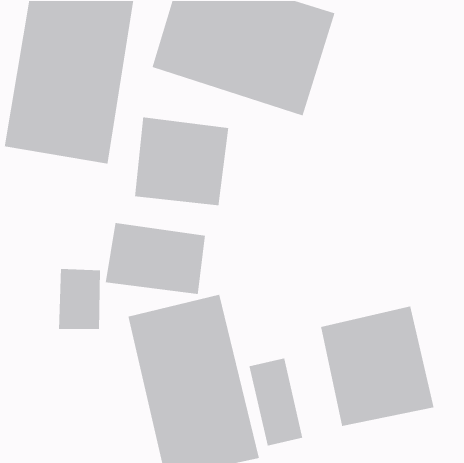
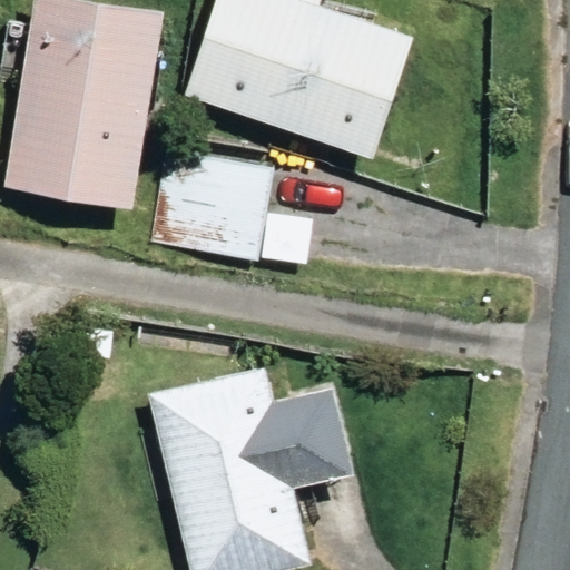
building: [105,222,206,295] -> none
building: [320,306,434,427] -> none

